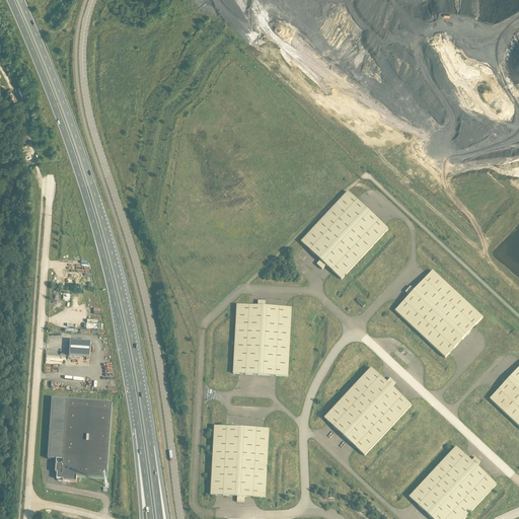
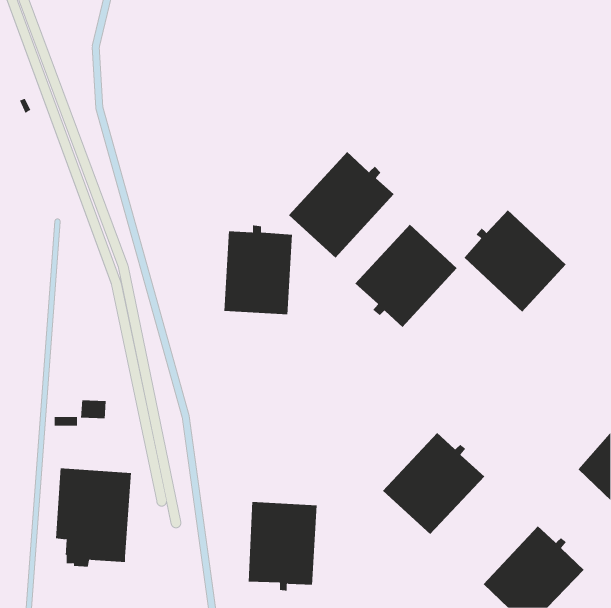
building: none -> [288,151,395,258]
building: [394,269,481,356] -> [464,210,567,312]
building: [232,298,291,374] -> [223,225,293,315]

